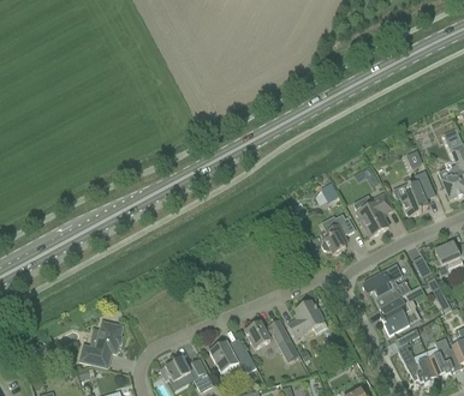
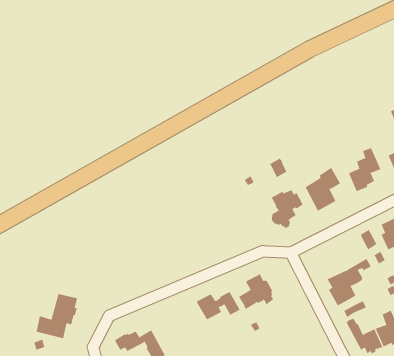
building: [362,262,403,305] -> none
building: [209,338,256,371] -> none

